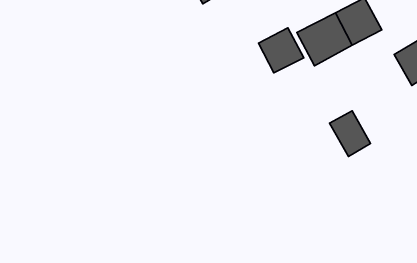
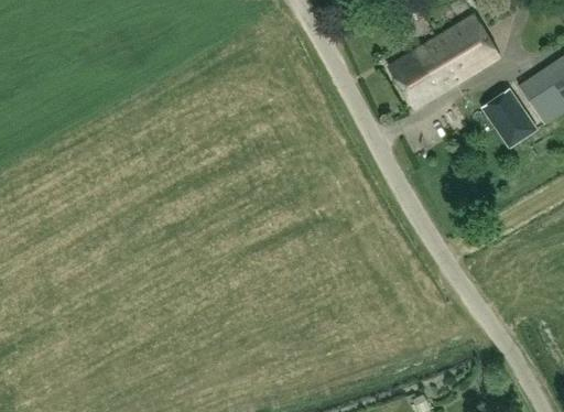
building: [258,28,304,73] -> none
building: [329,111,371,157] -> [481,88,536,148]

